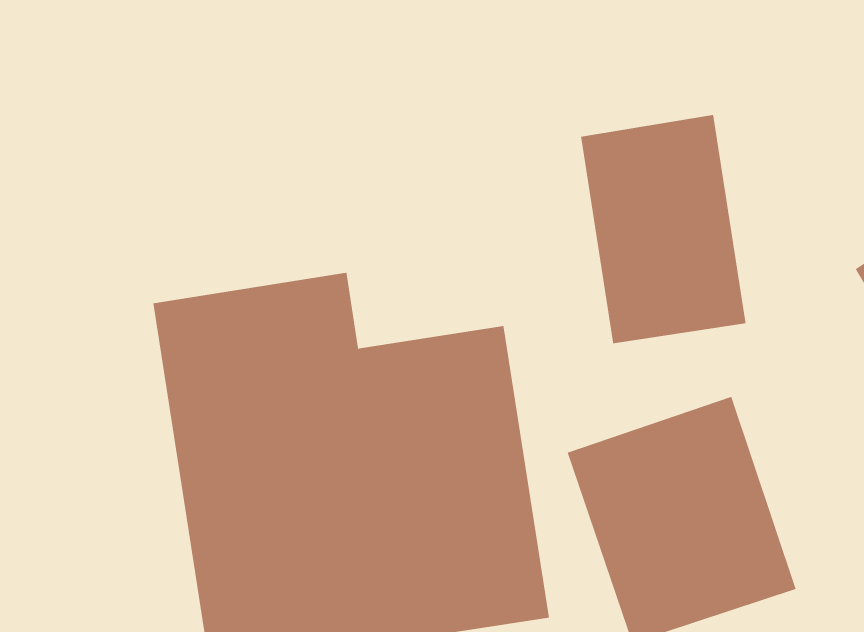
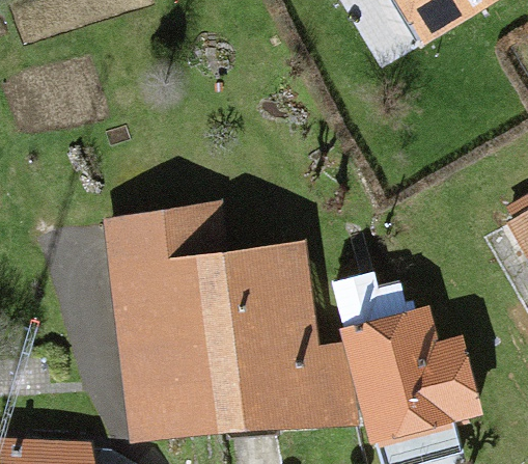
building: [581,114,746,344] -> none

